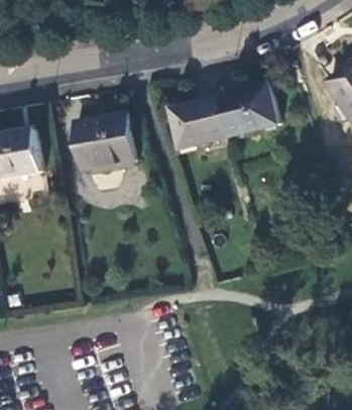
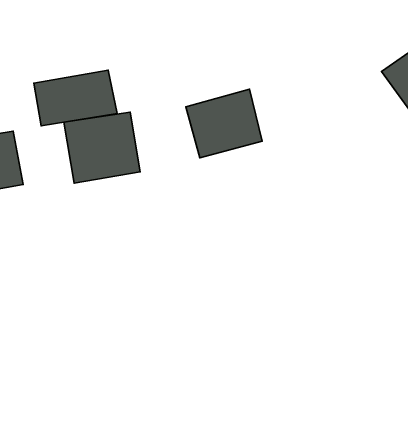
building: none -> [34,70,117,126]
building: [221,82,278,136] -> none

